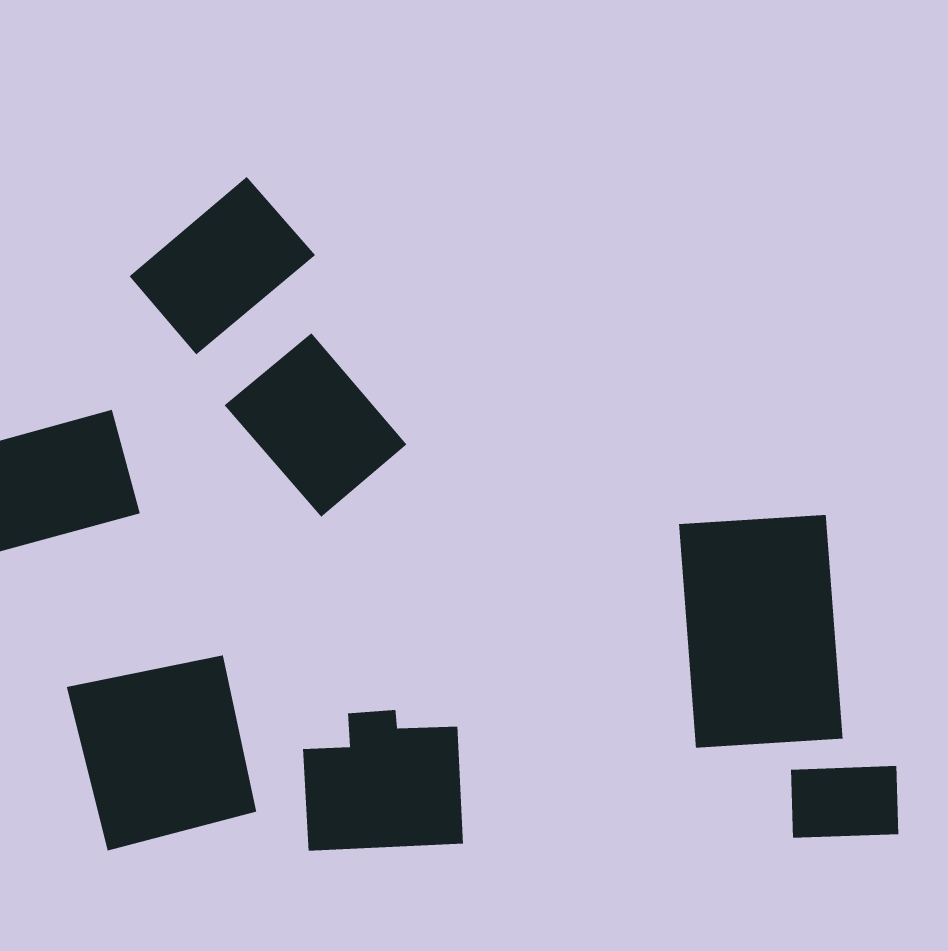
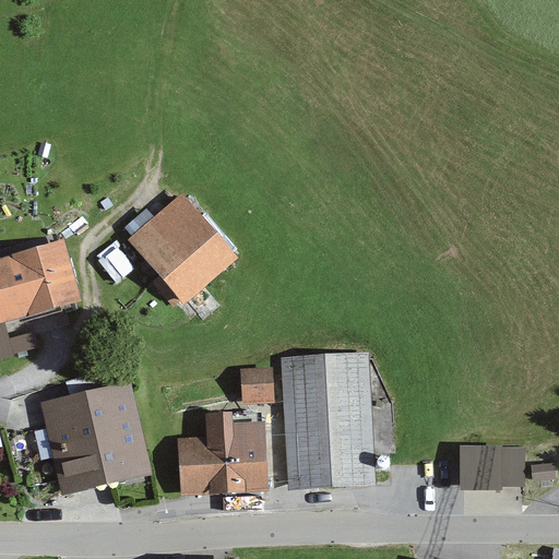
building: [129,176,316,355] -> none
building: [678,514,843,749] -> [278,352,374,488]
building: none -> [239,368,274,406]

